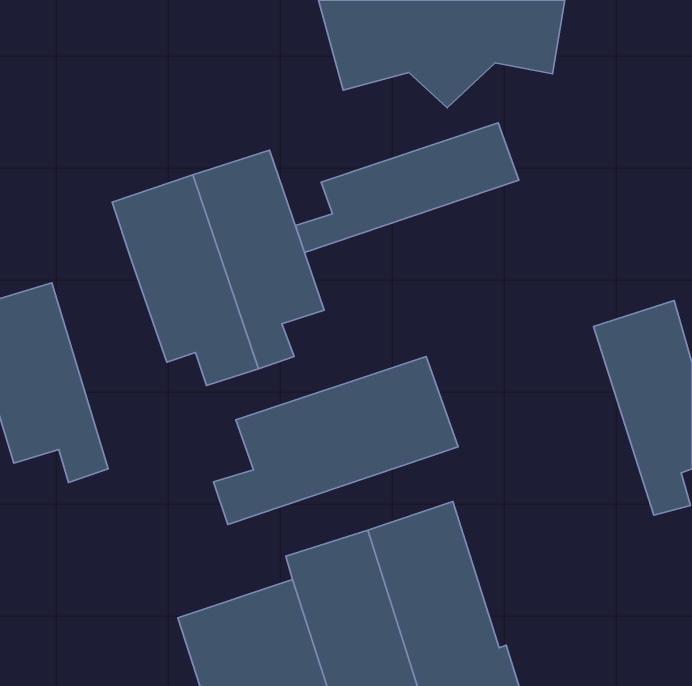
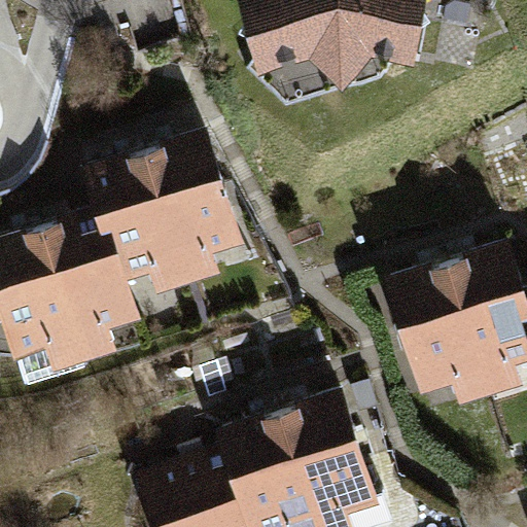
building: [296,123,519,253] -> none
building: none -> [39,205,136,362]
building: none -> [382,255,492,409]
building: [214,356,458,525] -> none

